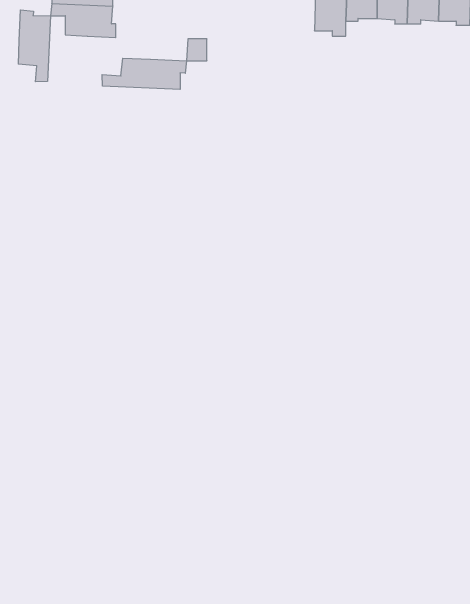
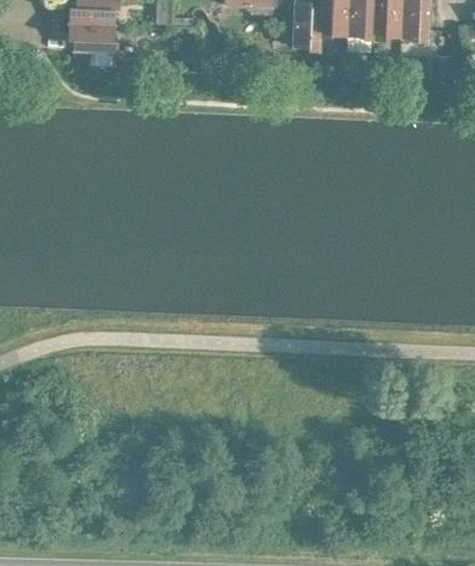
building: [18,10,50,82] -> none
building: [102,58,186,89] -> none

